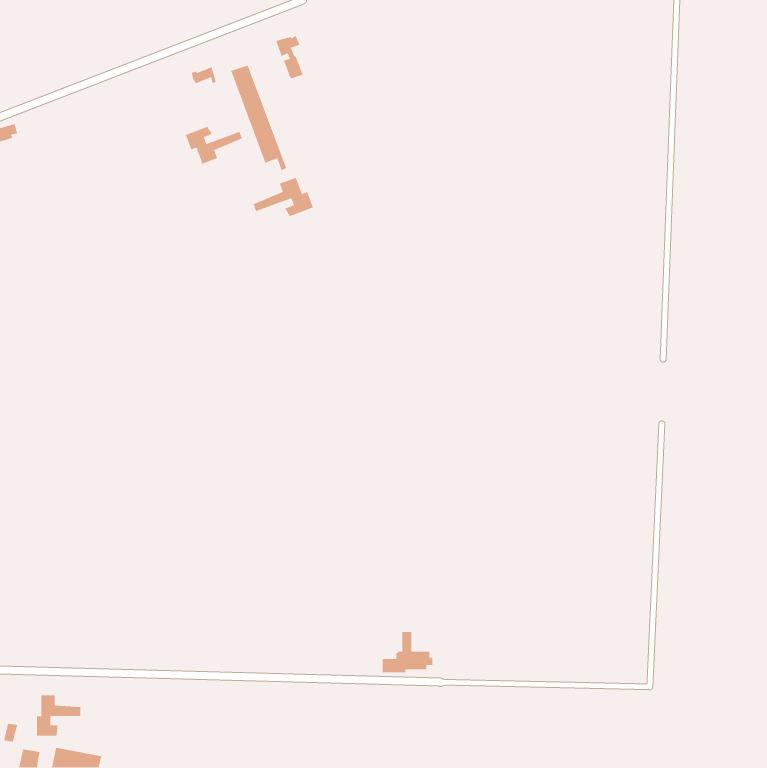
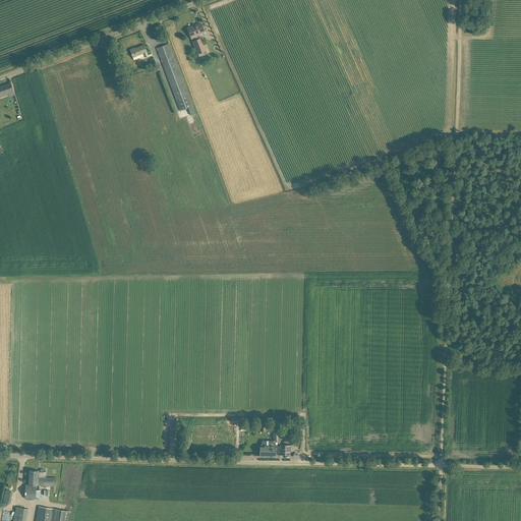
building: [185,126,243,165] -> none
building: [253,177,314,217] -> none

